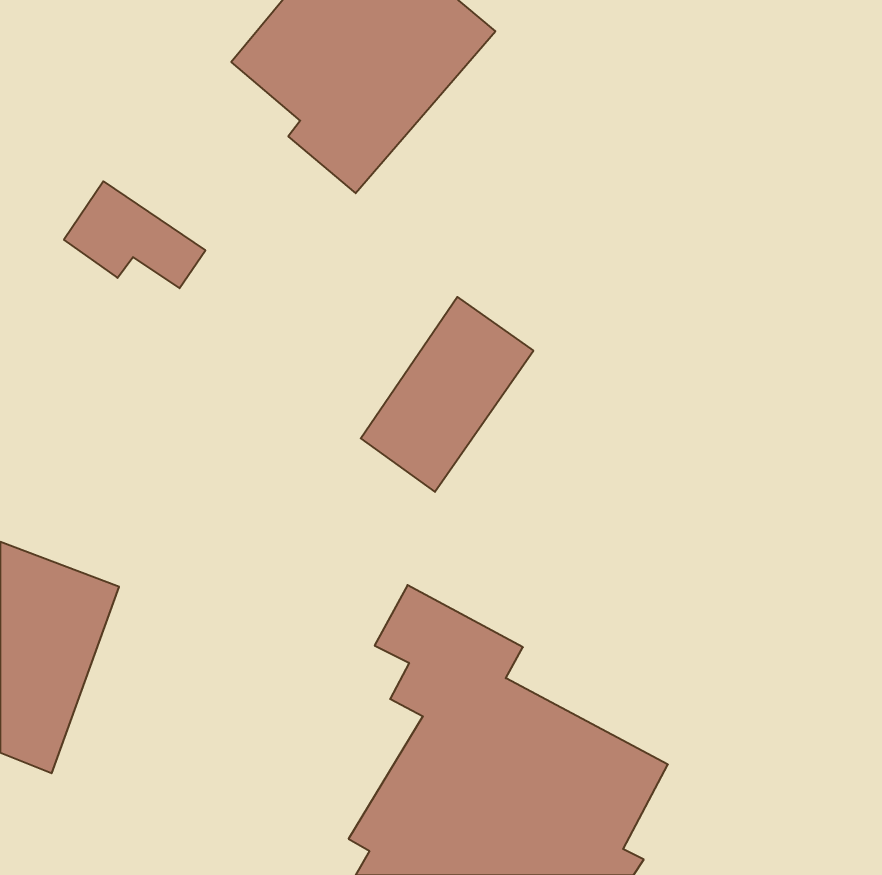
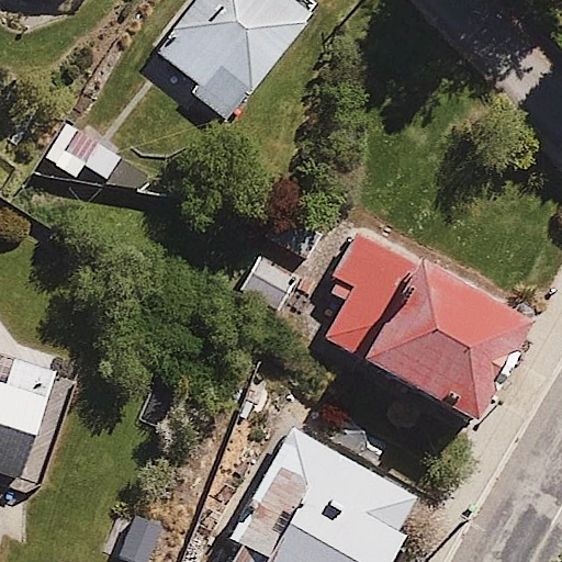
building: none -> [317,231,527,445]

